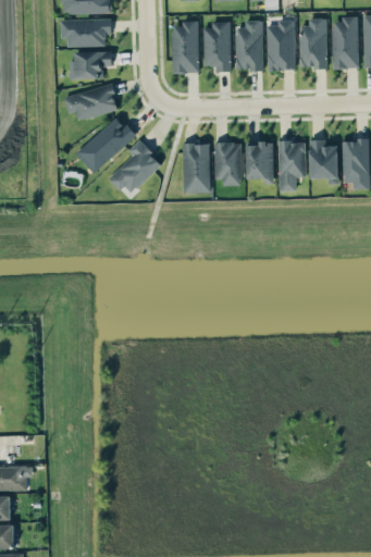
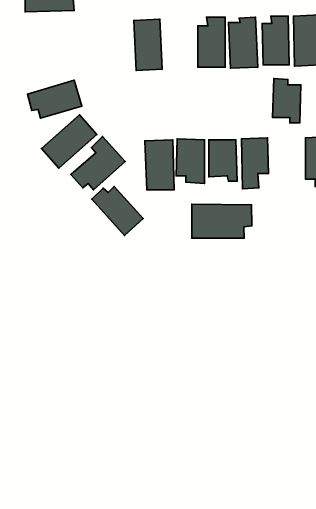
building: [61,18,111,47] -> none
building: [202,22,231,71] -> none
building: [69,51,112,79] -> none
building: [310,139,338,184] -> [273,78,301,123]
building: none -> [92,187,143,236]
building: none -> [192,204,252,238]

